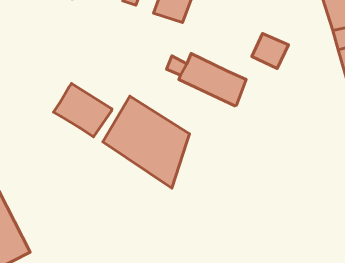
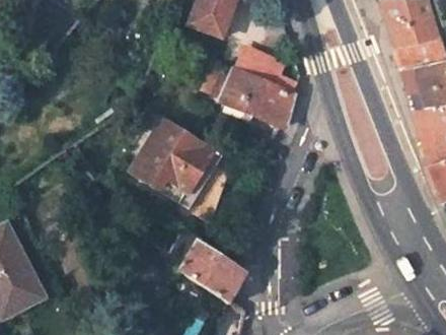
building: [252,34,289,69] -> [242,48,285,88]
building: [53,83,112,137] -> none
building: none -> [179,245,242,302]

